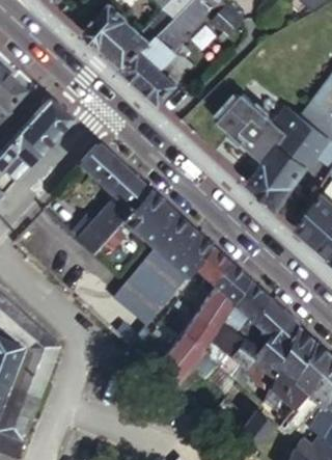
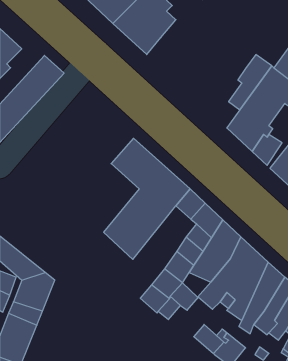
building: [219,91,272,152] -> none
building: [74,145,148,252] -> none

